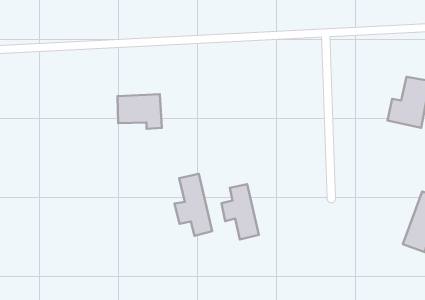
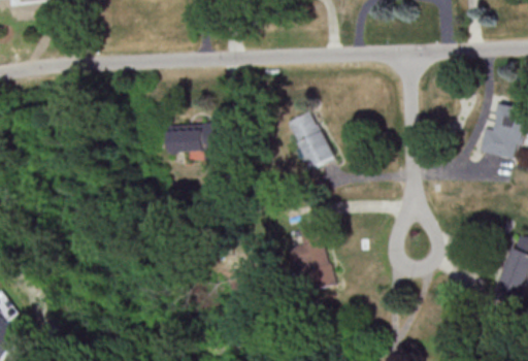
building: none -> [288,110,333,169]
building: [174,174,212,236] -> none

